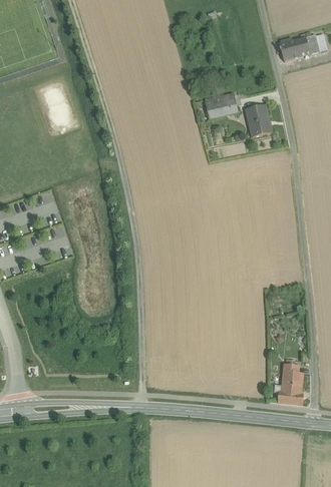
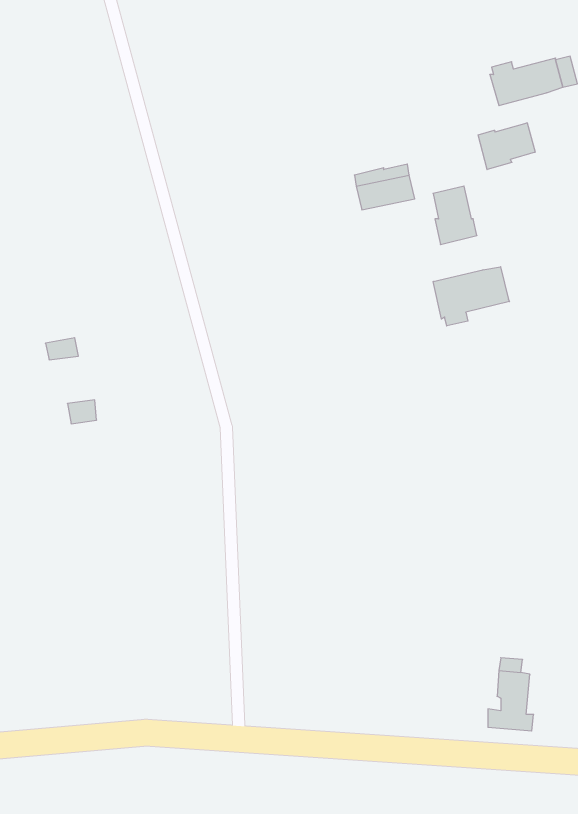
building: none -> [478,123,535,170]
building: none -> [433,267,509,326]

